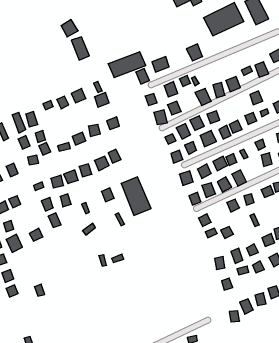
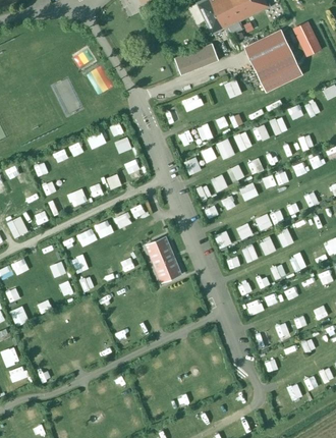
building: none -> [255,52,301,91]
building: [108,52,146,78] -> [174,44,219,74]

